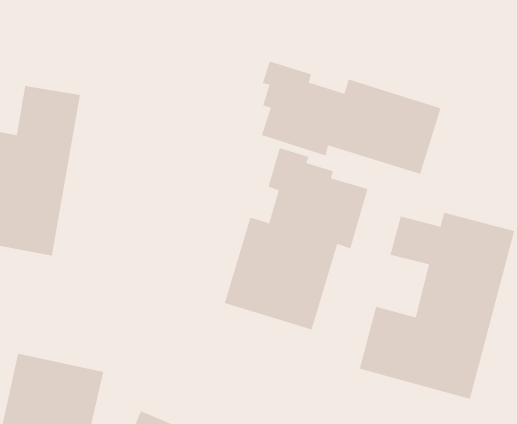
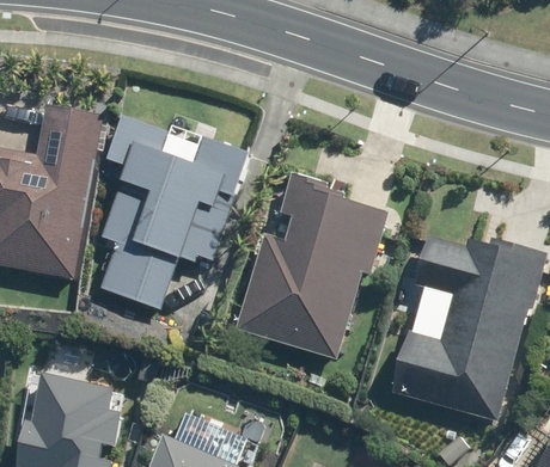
building: [261,60,442,175] -> none
building: none -> [99,118,245,309]

